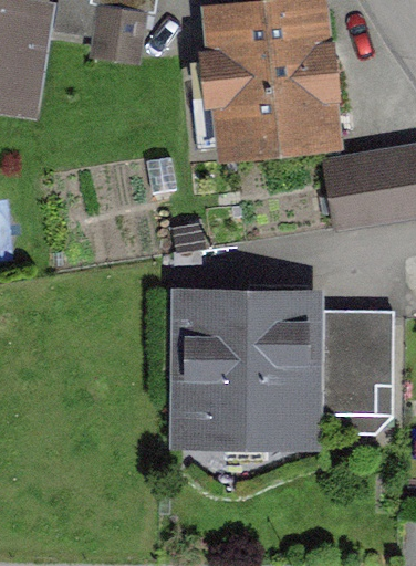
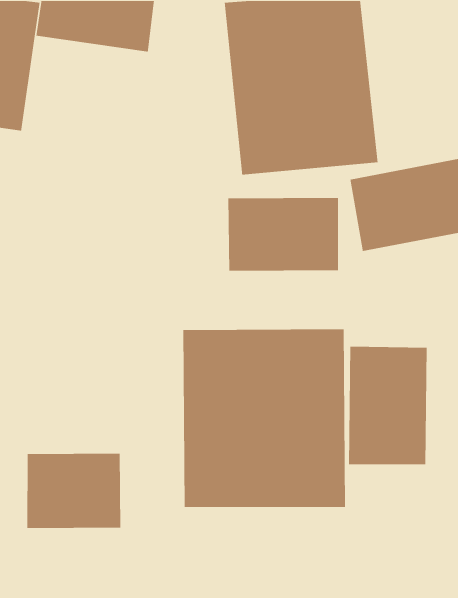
building: none -> [228,197,339,271]
building: none -> [27,453,121,529]

